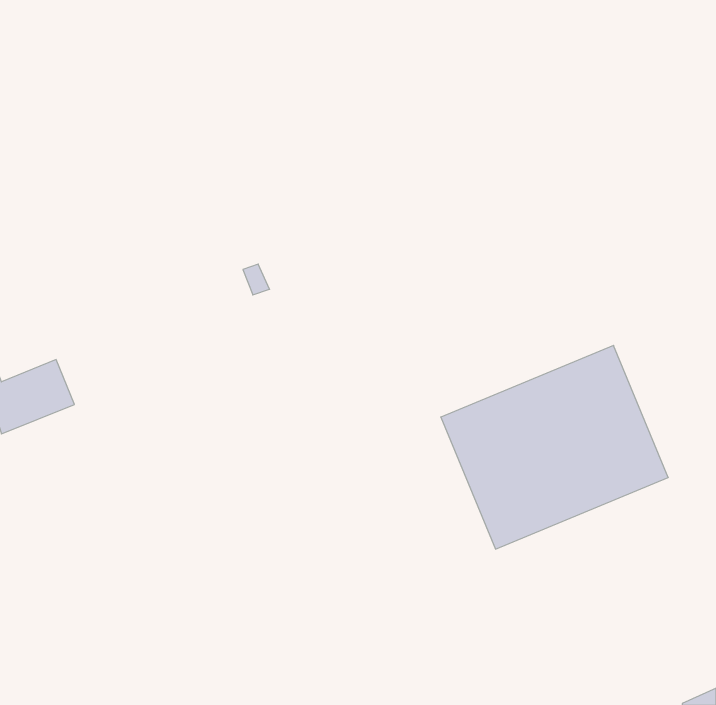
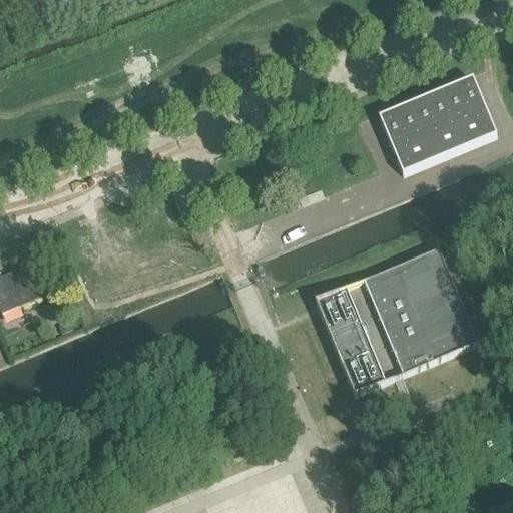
building: none -> [379,74,497,171]

